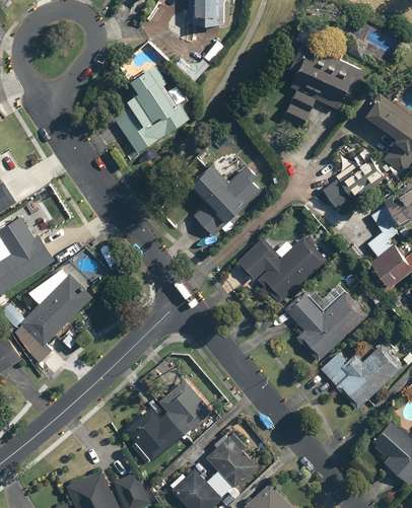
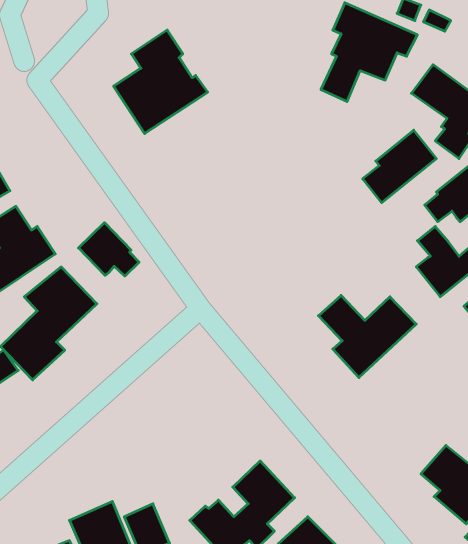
building: [187,164,264,245] -> none
building: none -> [78,223,139,276]
building: [233,232,326,303] -> none
building: [319,344,402,410] -> none
building: [127,375,216,460] -> none

